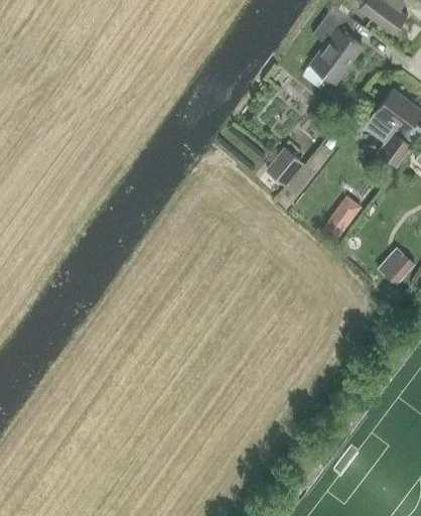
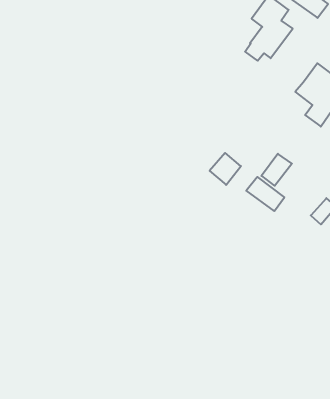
building: [265,146,303,185] -> [210,153,241,185]
building: none -> [246,177,284,211]

